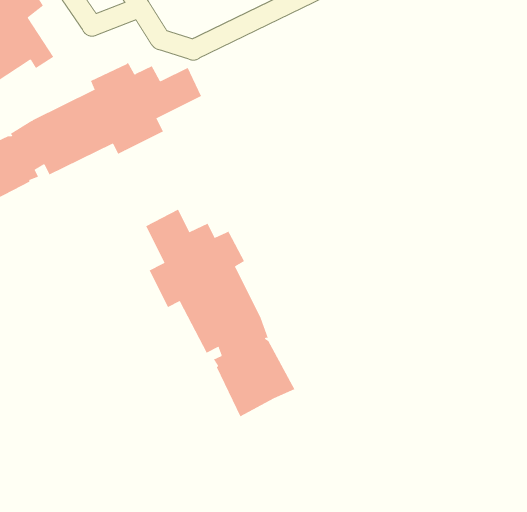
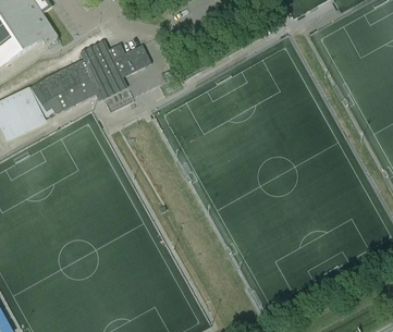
building: [145,209,295,417] -> none

